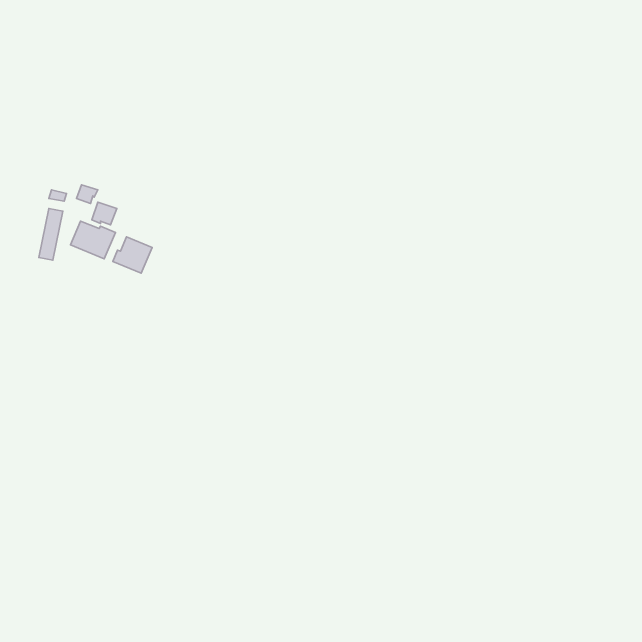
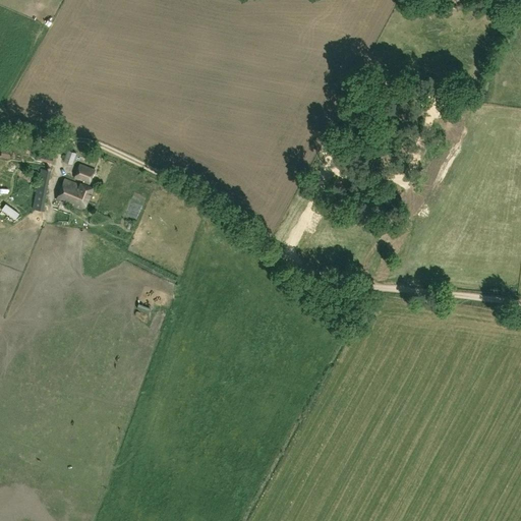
building: [113,237,152,273] -> none

